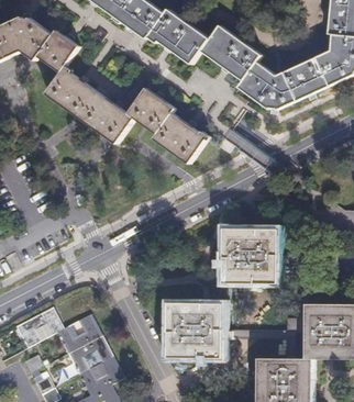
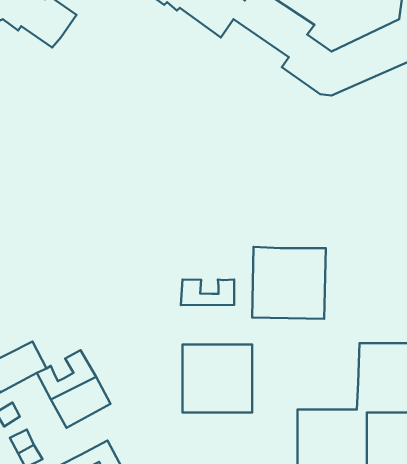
building: [49,67,213,165] -> none
building: none -> [181,279,234,305]
building: [75,351,120,391] -> none

